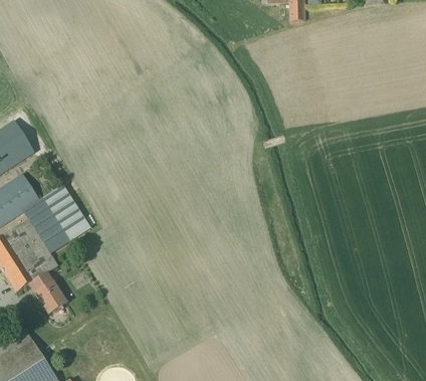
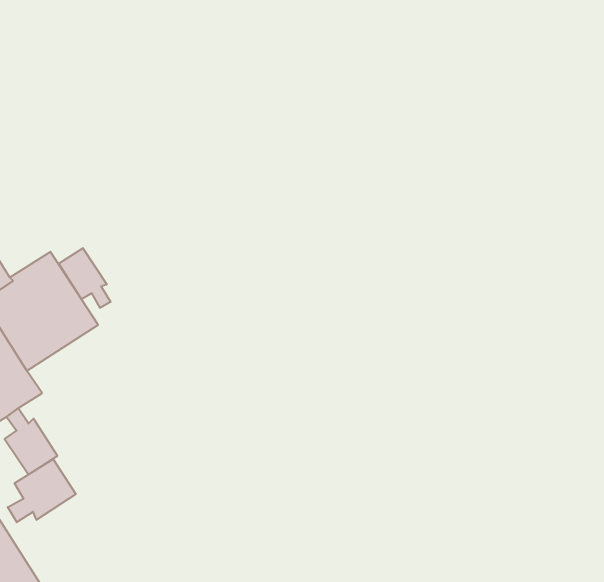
building: none -> [59,248,111,308]
building: none -> [8,459,76,522]

